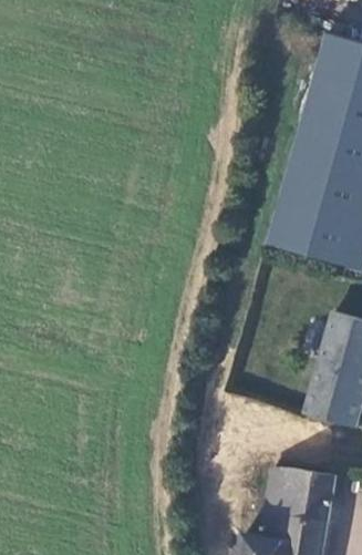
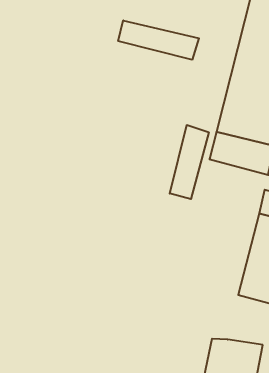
building: none -> [118,20,199,60]
building: none -> [170,125,209,199]

